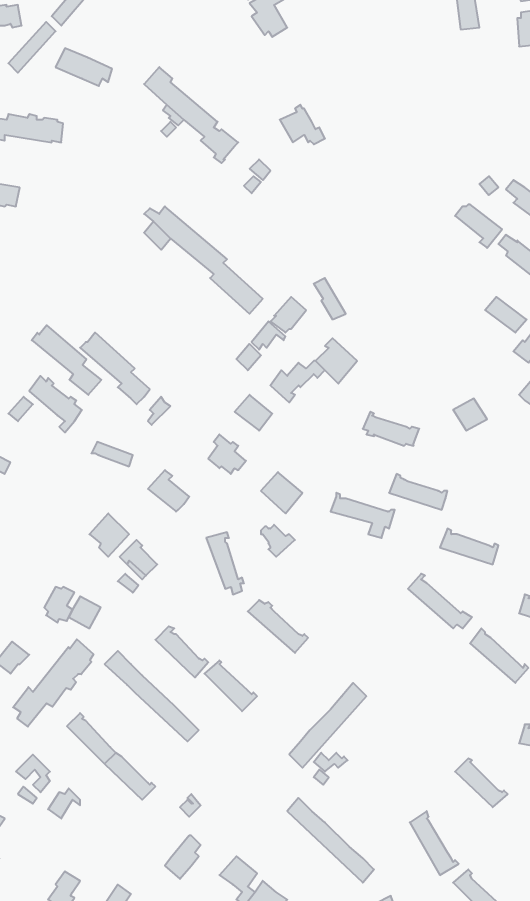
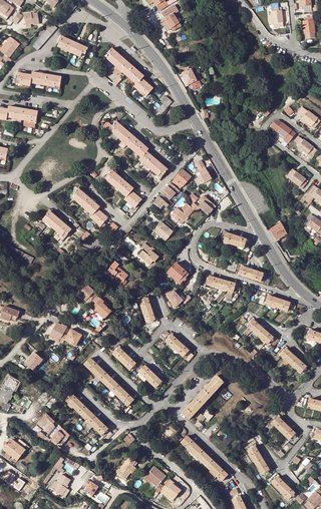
building: [32,325,101,395] -> [104,169,141,206]
building: [13,639,93,727] -> none

